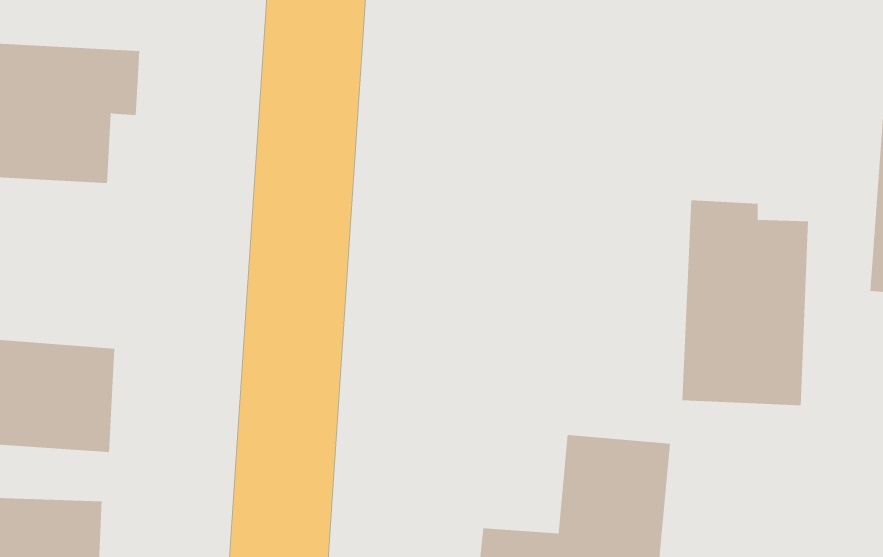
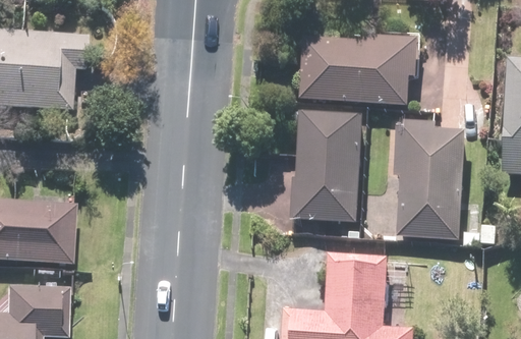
building: none -> [298,27,418,106]
building: none -> [292,112,362,220]

